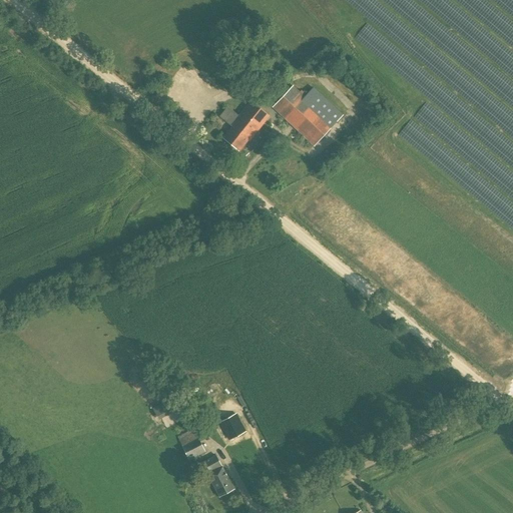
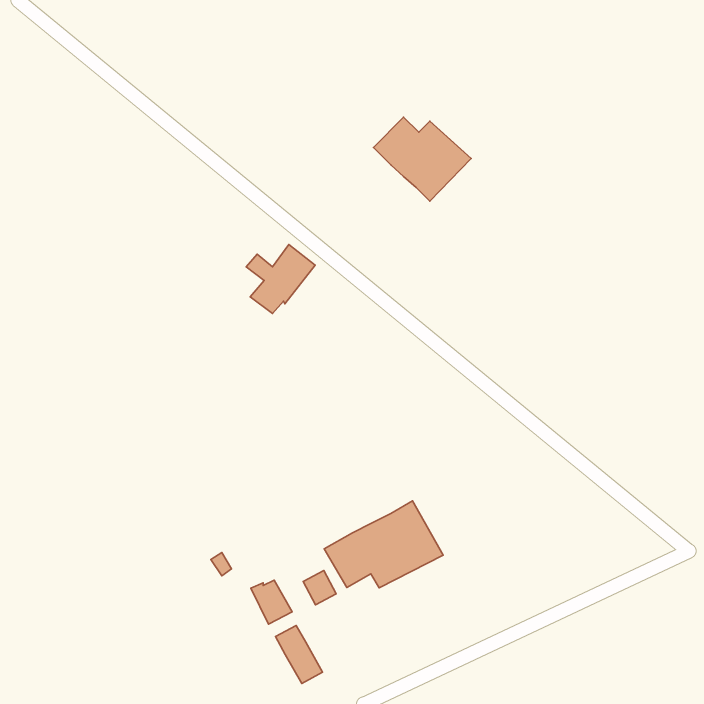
building: [219,100,270,150] -> [246,245,315,314]
building: none -> [324,501,443,588]

